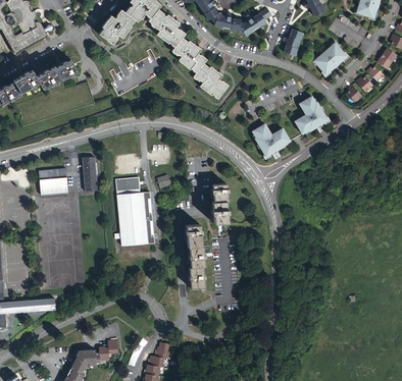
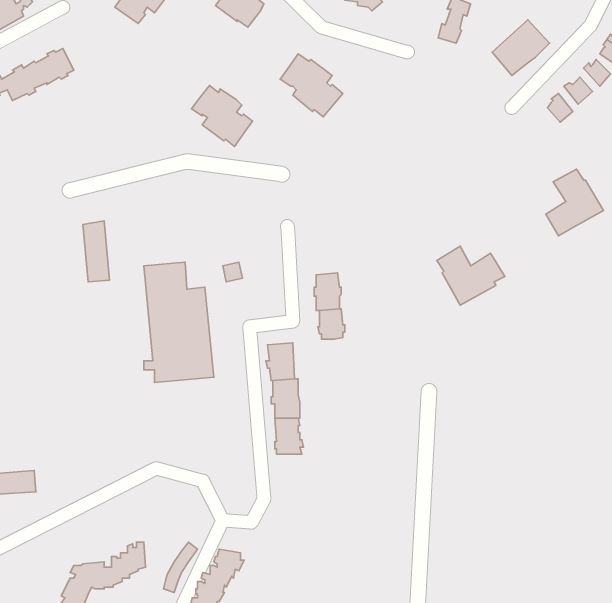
building: [172,37,207,71] -> [191,85,253,146]
building: [295,96,328,133] -> [546,169,603,236]
building: [252,123,291,157] -> [437,246,505,305]
building: [39,168,68,195] -> none

